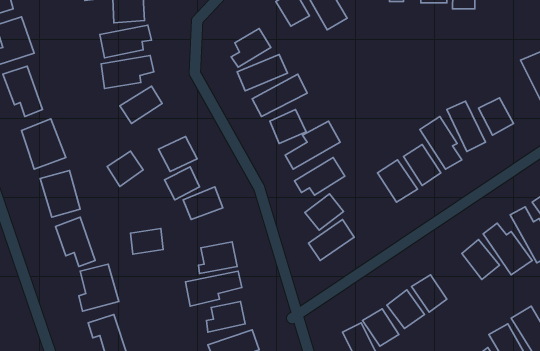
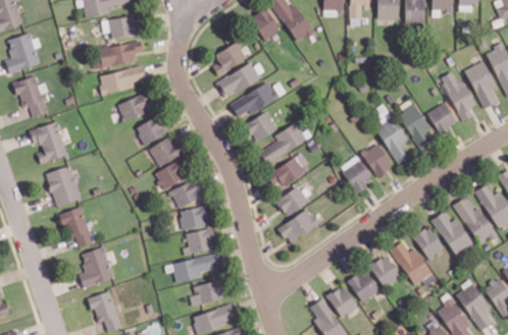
building: none -> [439,69,474,121]
building: [107,151,143,186] -> [135,115,166,146]
building: [130,228,163,254] -> [181,206,209,228]
building: none -> [390,242,433,285]

